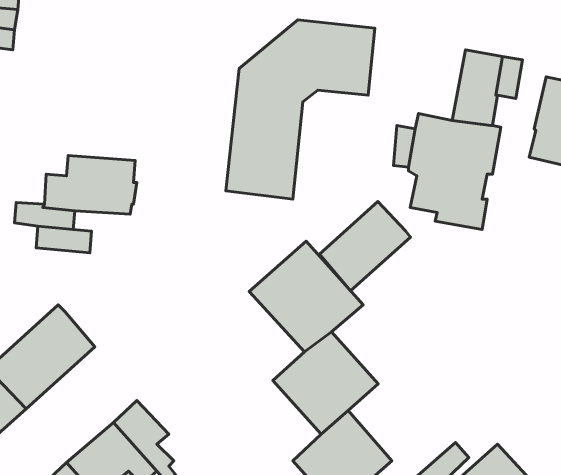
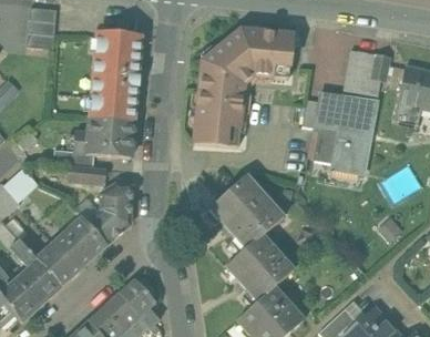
building: none -> [90,33,142,121]
building: [320,202,411,291] -> none
building: none -> [88,182,133,244]

